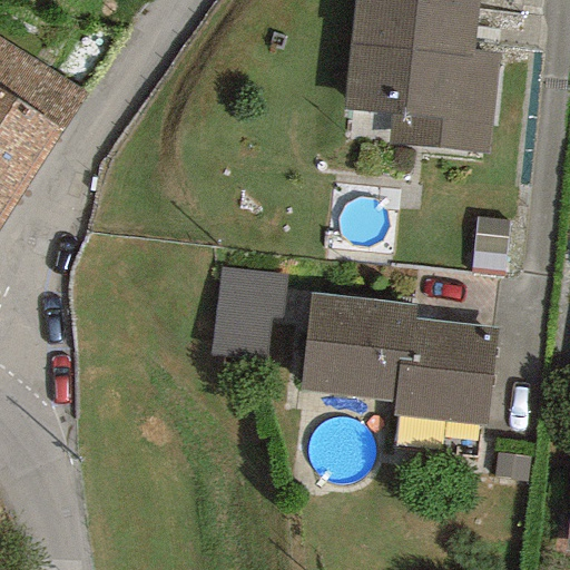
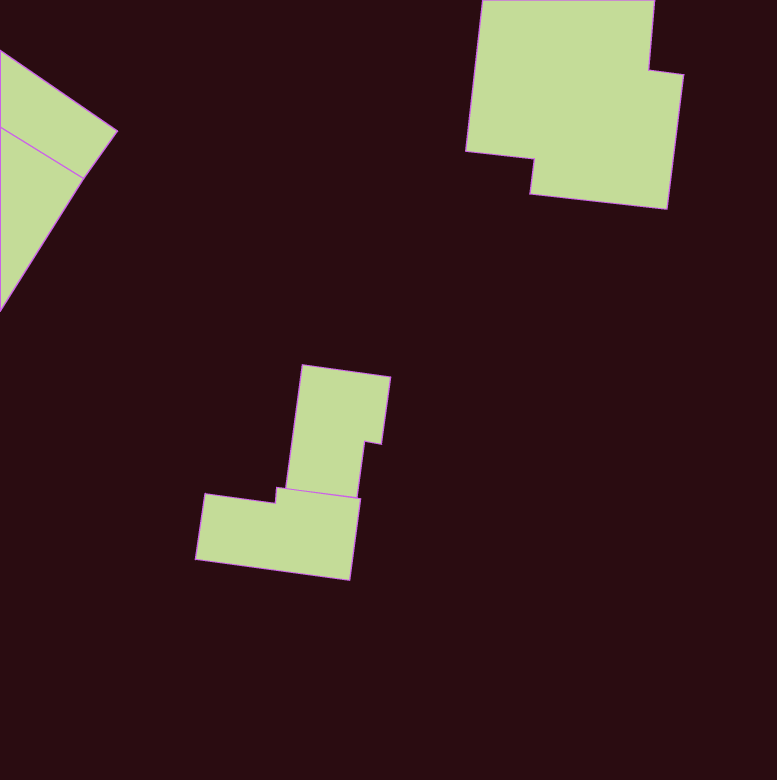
building: [299,294,498,425] -> none
building: none -> [195,487,360,580]

